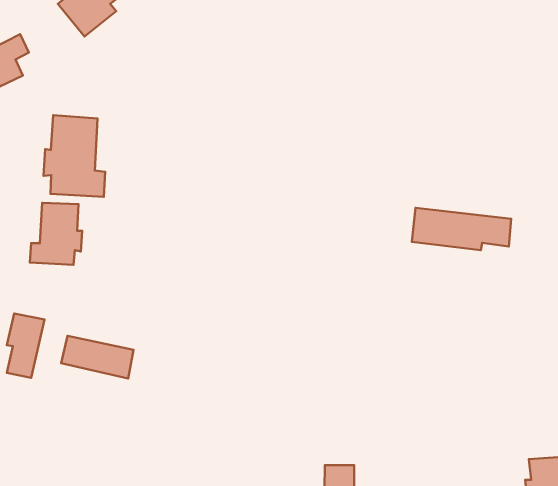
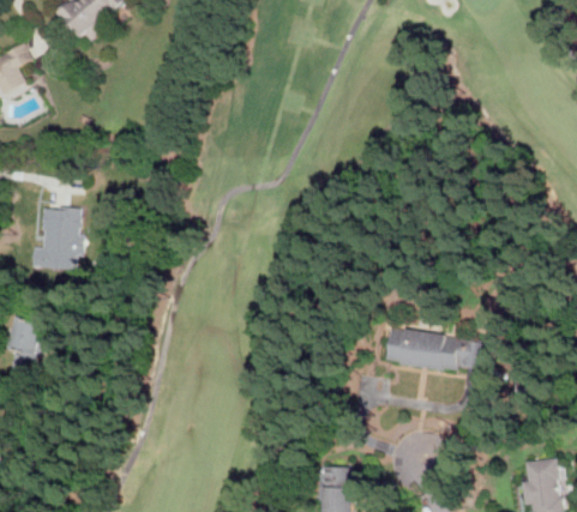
building: [44,115,105,197] -> none
building: [412,208,511,250] -> [386,329,485,371]
building: [61,336,134,379] -> none

